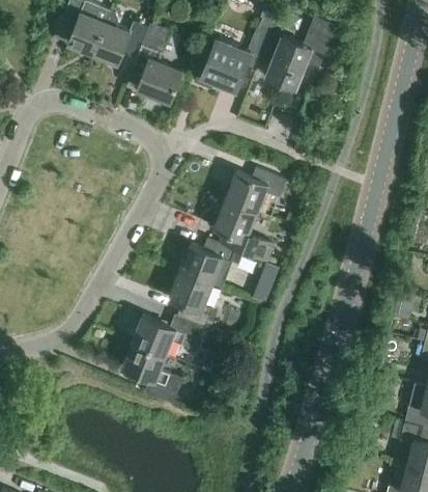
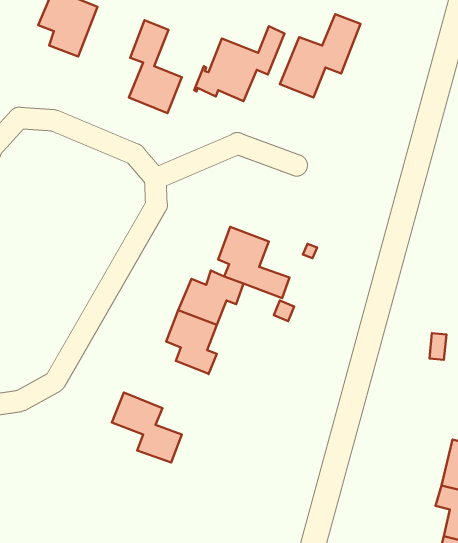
building: [93,11,148,64] -> none
building: [224,168,286,213] -> none
building: [133,315,204,356] -> none

